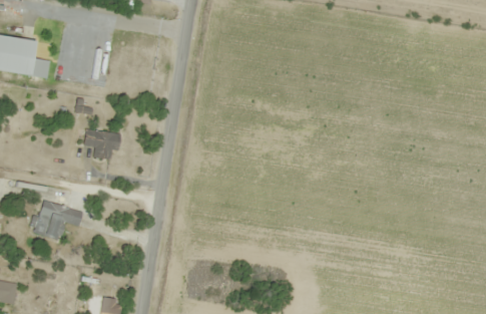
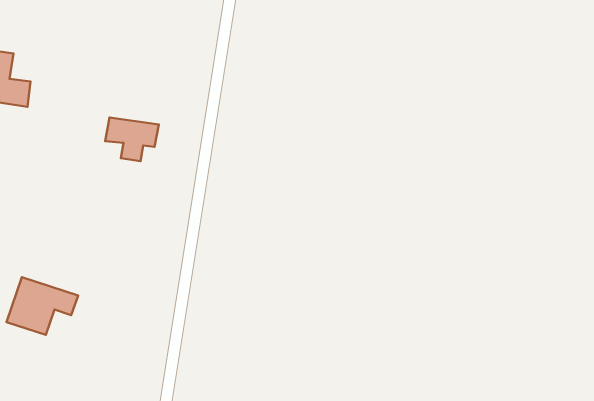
building: [81,128,119,160] -> [105,117,159,161]

